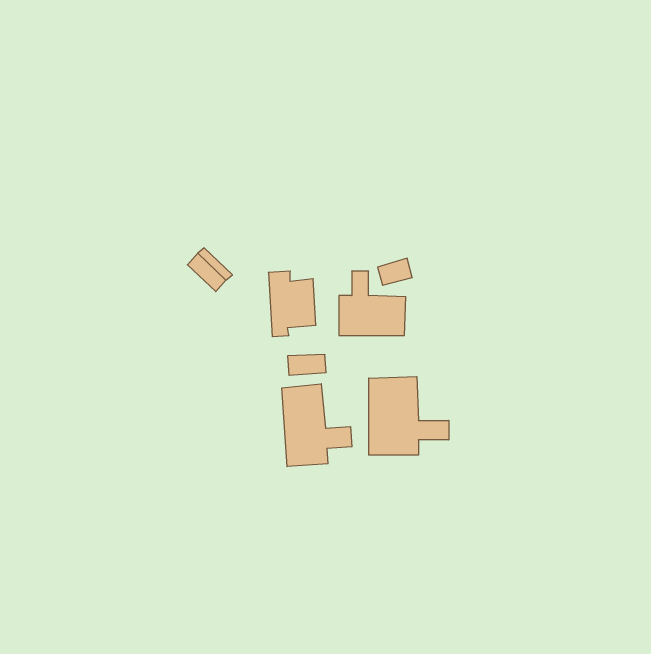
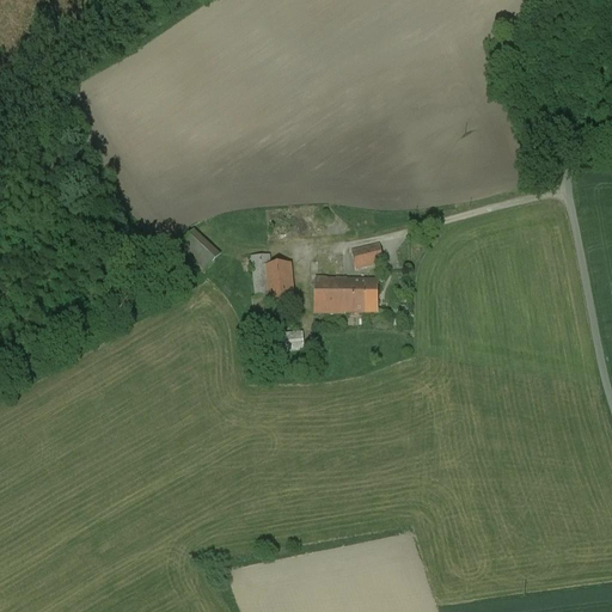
building: [369,377,449,455] -> none
building: [282,384,352,467] -> none

